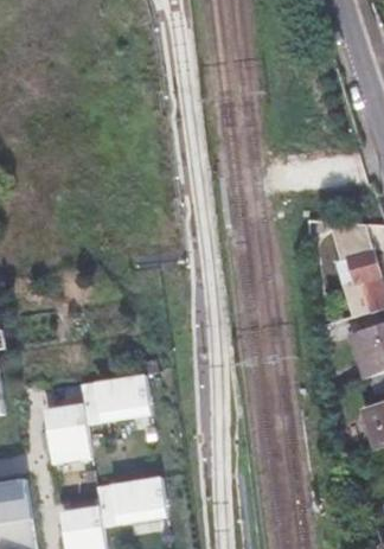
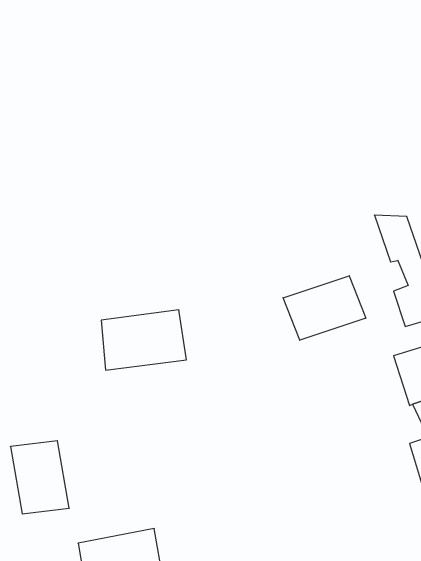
building: none -> [283,276,366,340]
building: [81,374,149,422] -> [101,310,186,370]

